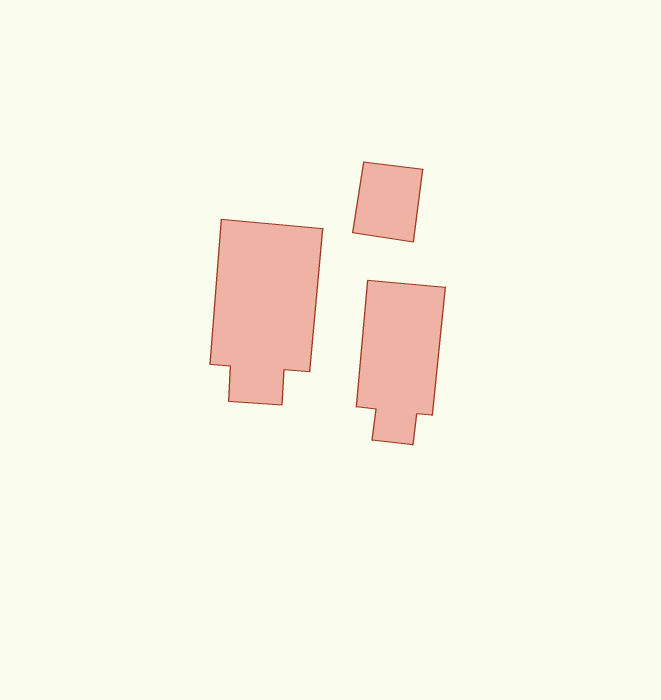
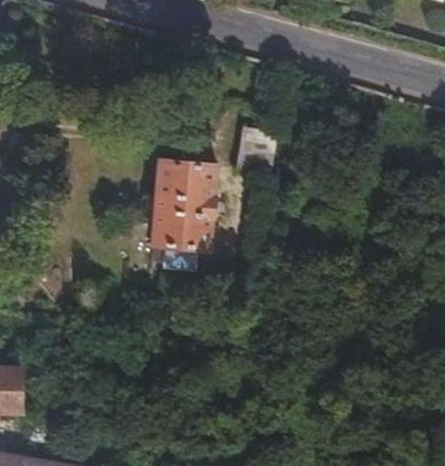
building: [356,280,445,445] -> none

